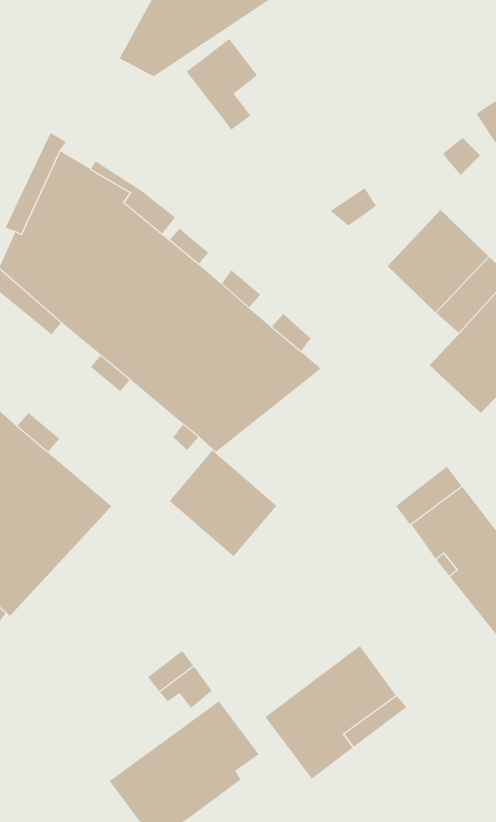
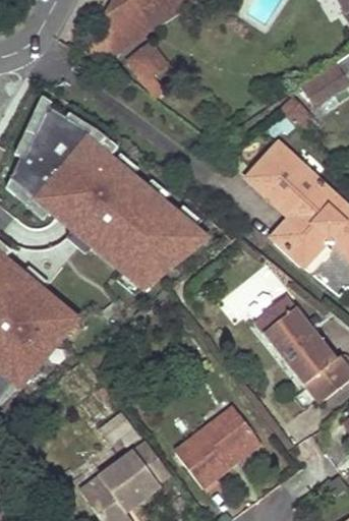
building: [169,449,277,557] -> none

